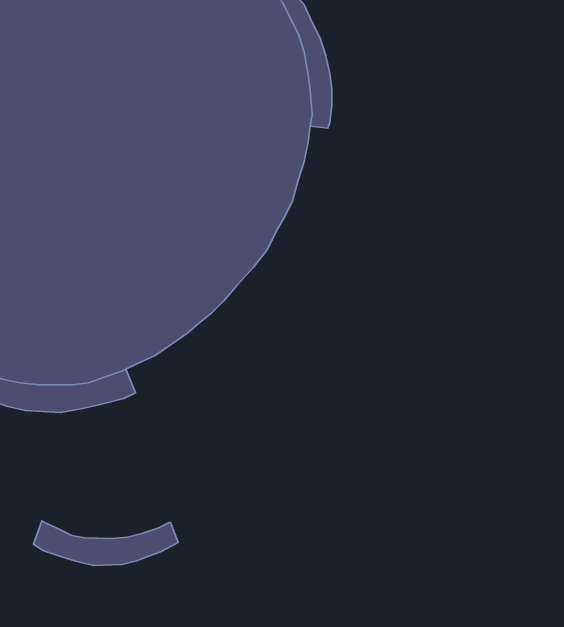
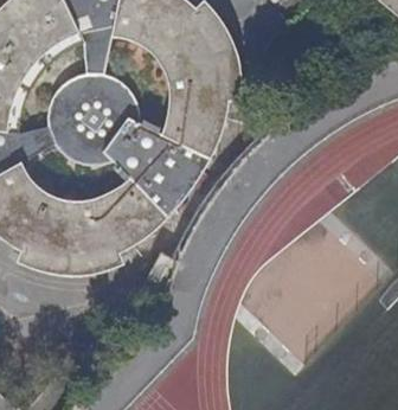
building: [33,521,178,566] -> none

